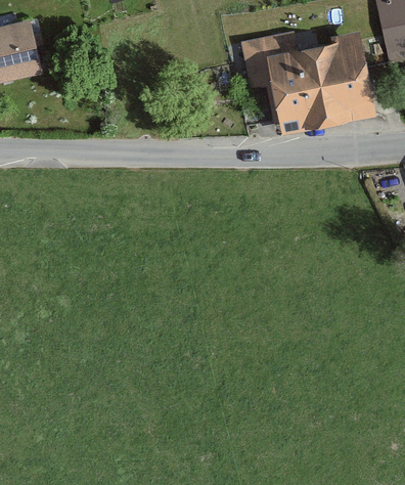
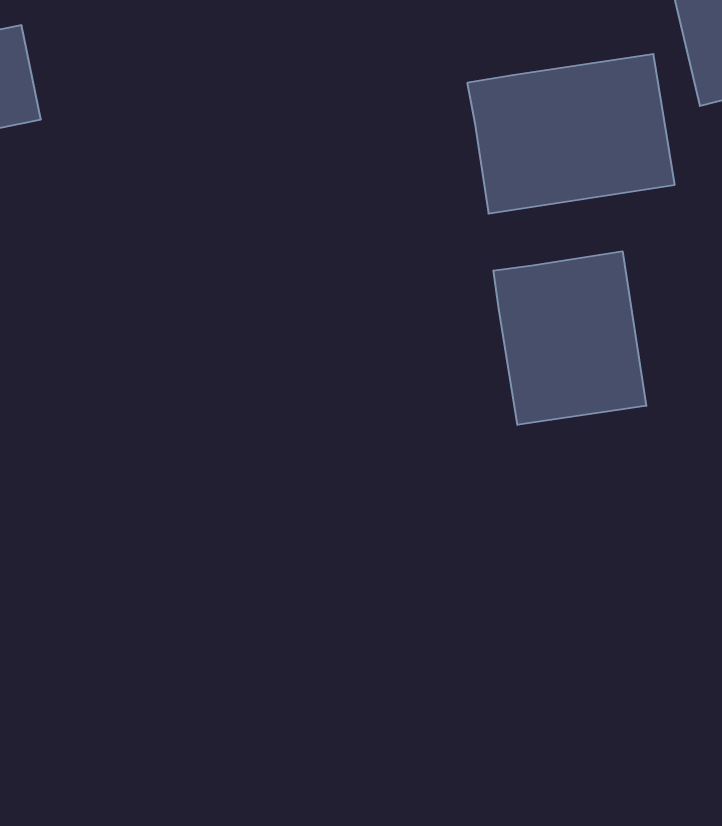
building: [242,31,292,80] -> none
building: none -> [494,251,646,425]

